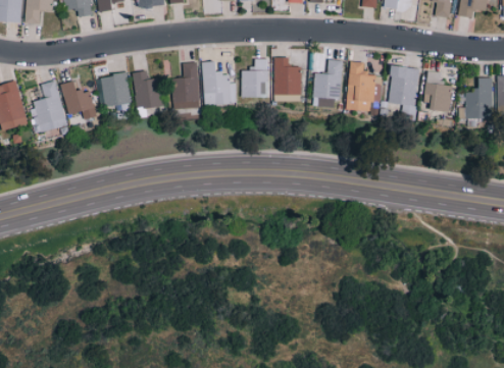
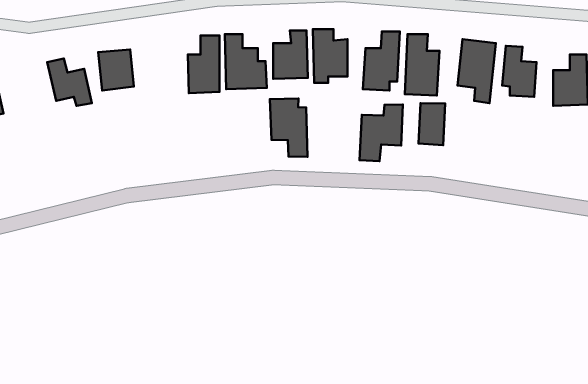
building: [133,70,164,108] -> none
building: [32,80,66,133] -> none
building: none -> [270,98,308,157]
building: none -> [419,103,445,145]
building: none -> [359,105,403,161]

